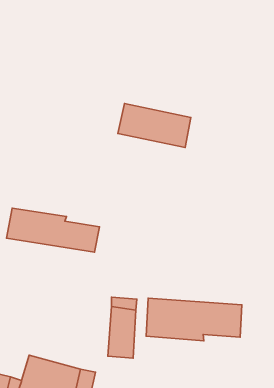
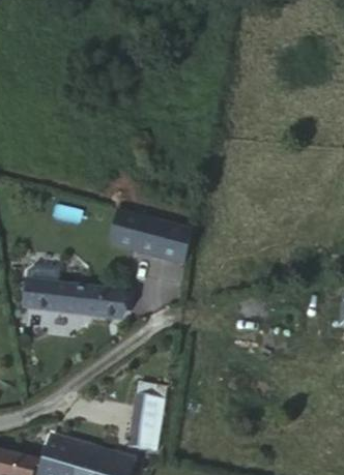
building: [118,103,191,147] -> [109,213,190,262]
building: [146,298,242,341] -> none

